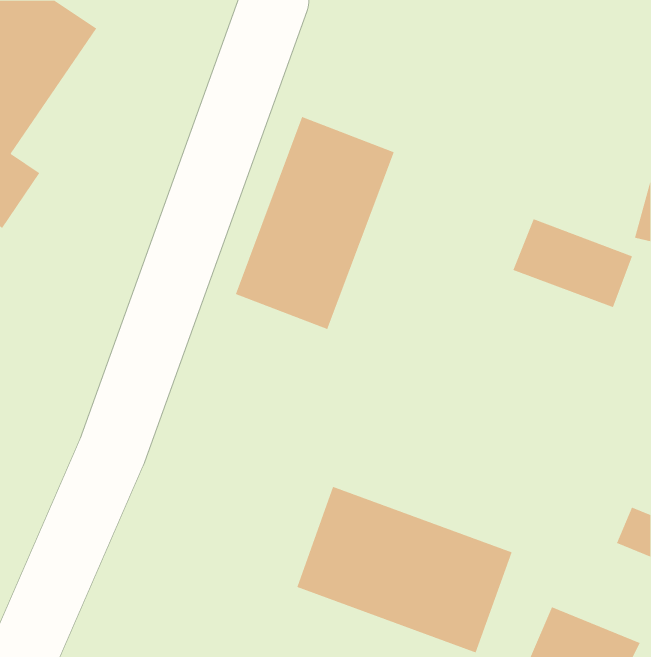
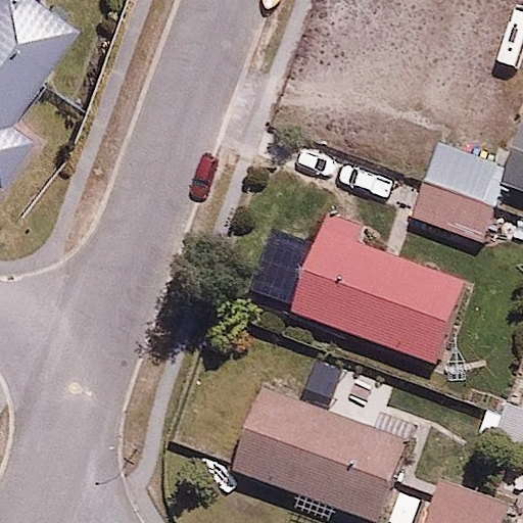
building: [235,116,394,330] -> none
building: none -> [287,221,468,365]

